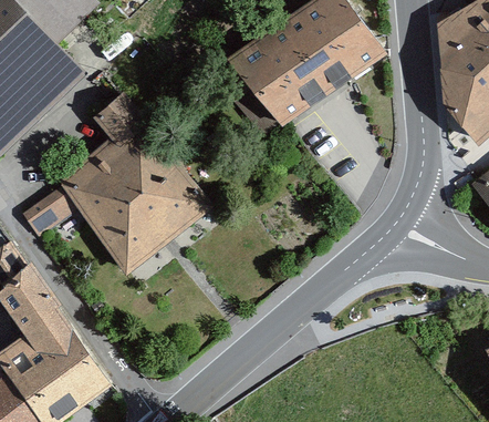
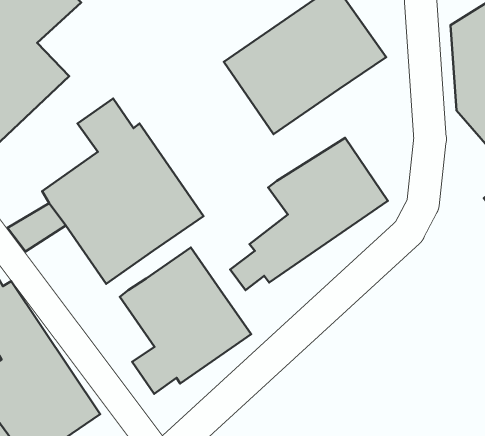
building: none -> [230,138,388,290]
building: none -> [120,247,251,394]

